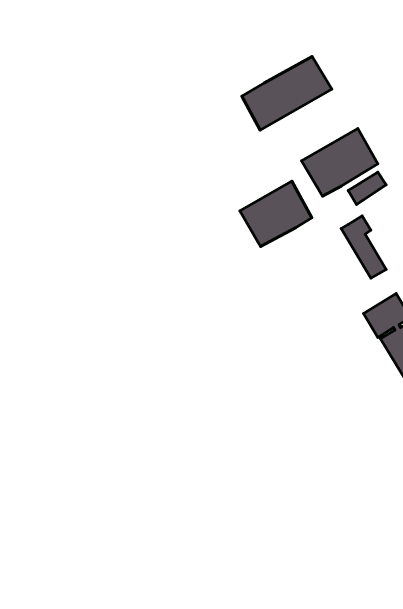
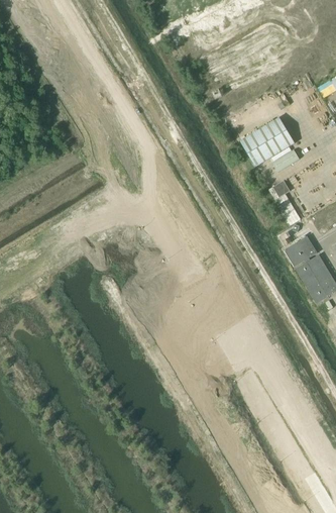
building: [242,57,332,130] -> none
building: [240,181,312,246] -> none

